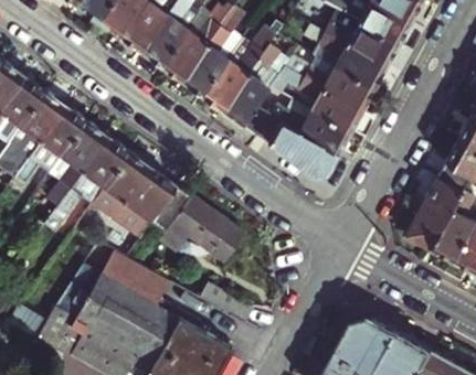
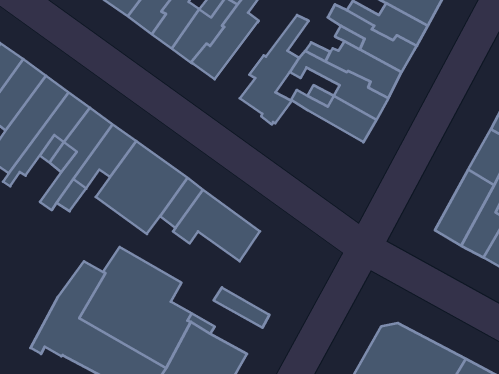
building: [200,25,276,110] -> none
building: [256,113,338,175] -> none

